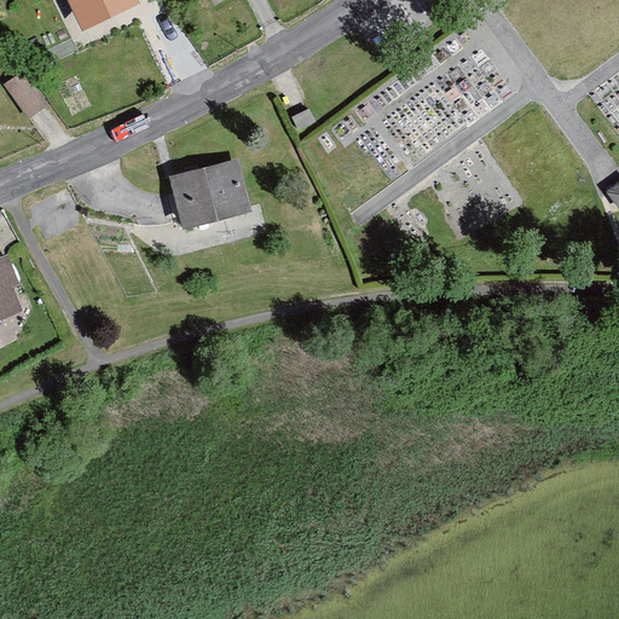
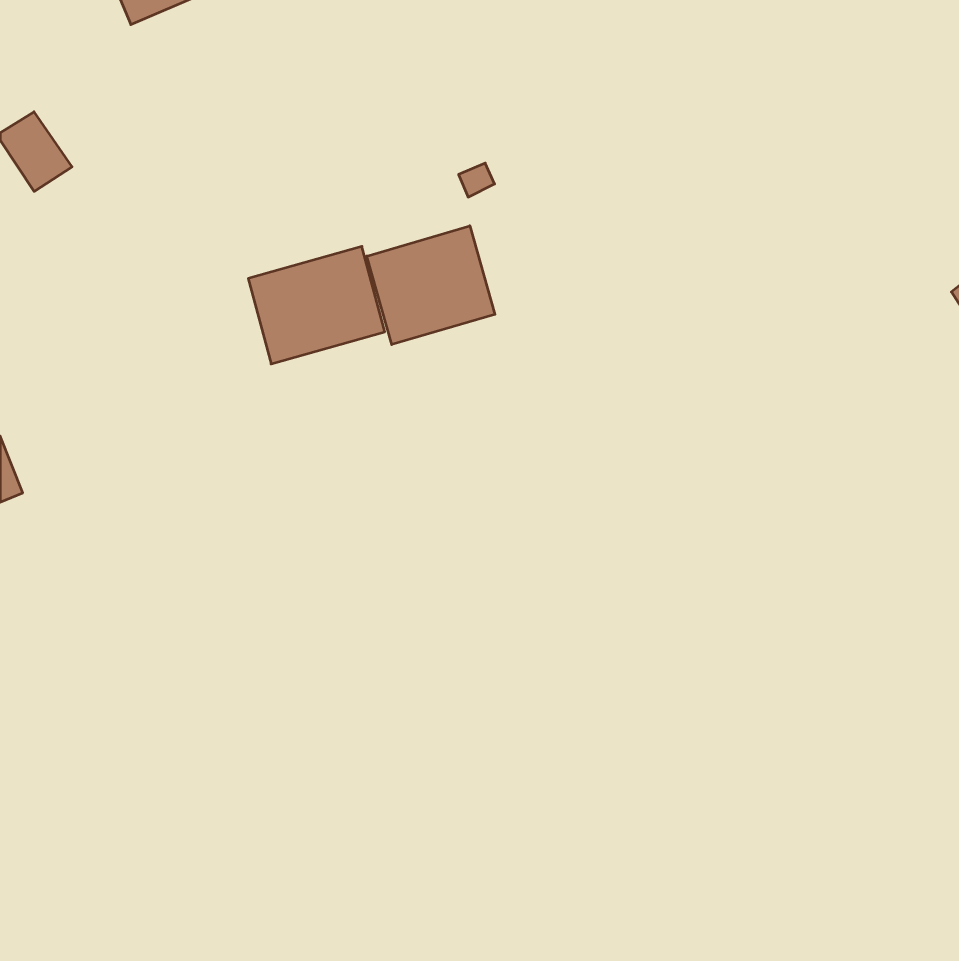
building: none -> [367,226,495,345]

